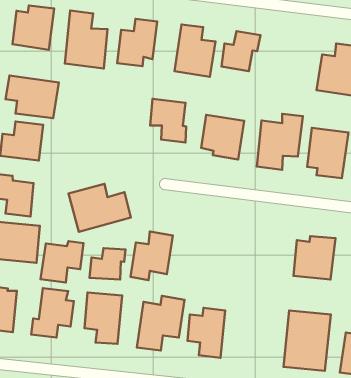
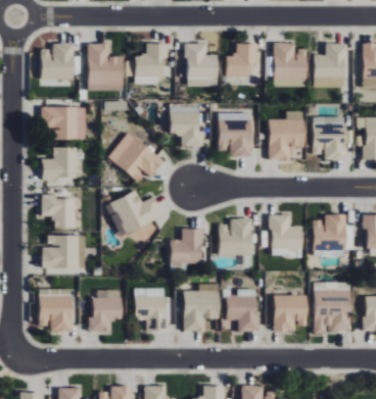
building: none -> [273,42,307,86]
building: none -> [108,131,163,182]
building: none -> [219,217,252,254]
building: none -> [270,213,301,255]
building: [40,241,84,282] -> none
building: [90,248,126,279] -> none
building: none -> [274,294,307,332]

